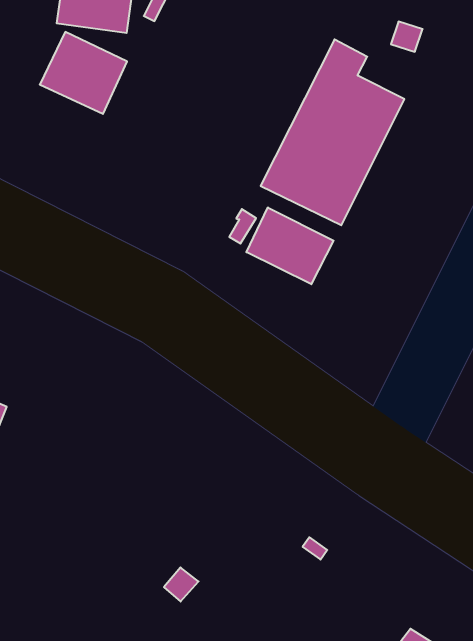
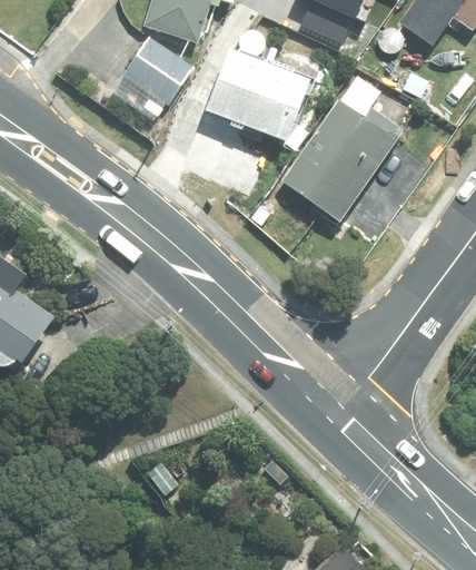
building: none -> [206,43,311,144]
building: [246,207,334,284] -> none

